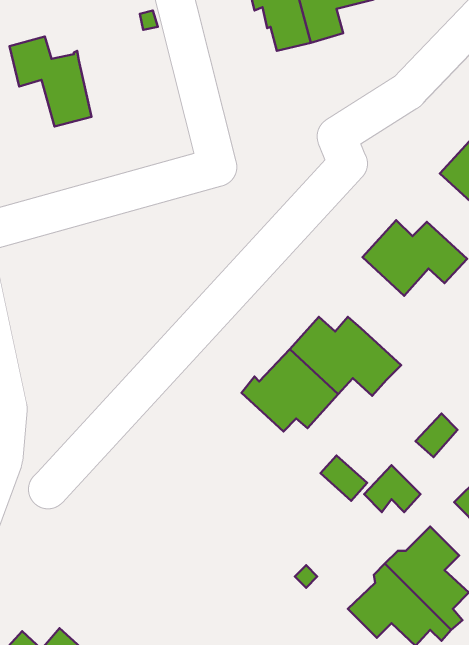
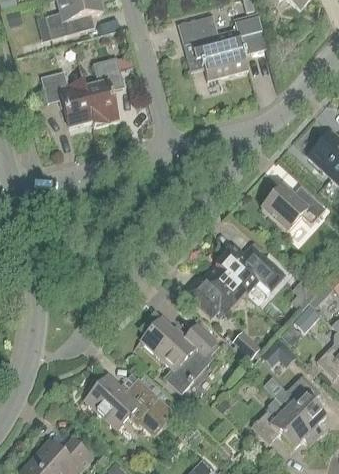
building: none -> [84,57,123,127]
building: none -> [140,318,219,394]
building: none -> [85,374,175,429]

